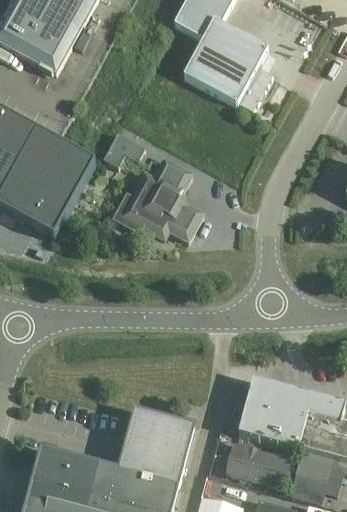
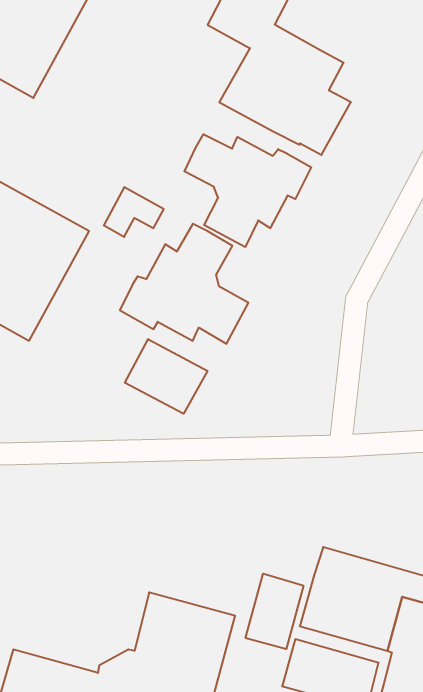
building: none -> [184,134,311,247]
building: none -> [125,339,207,414]
building: none -> [246,574,303,649]

